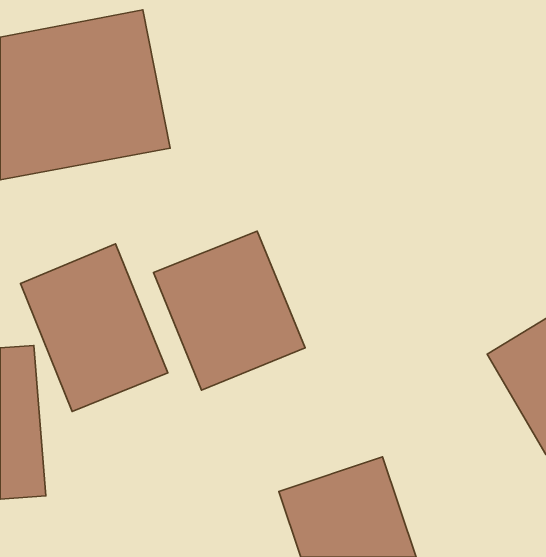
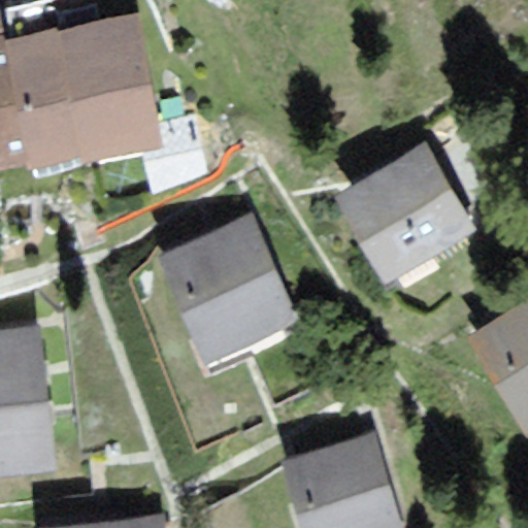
building: none -> [328,145,470,289]
building: [20,244,168,411] -> none

